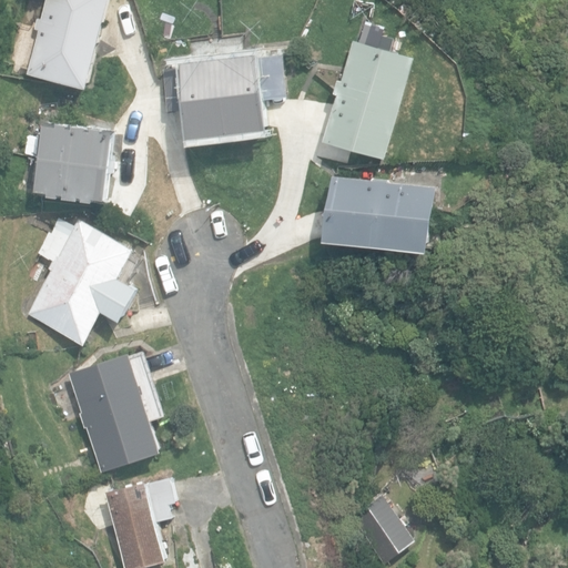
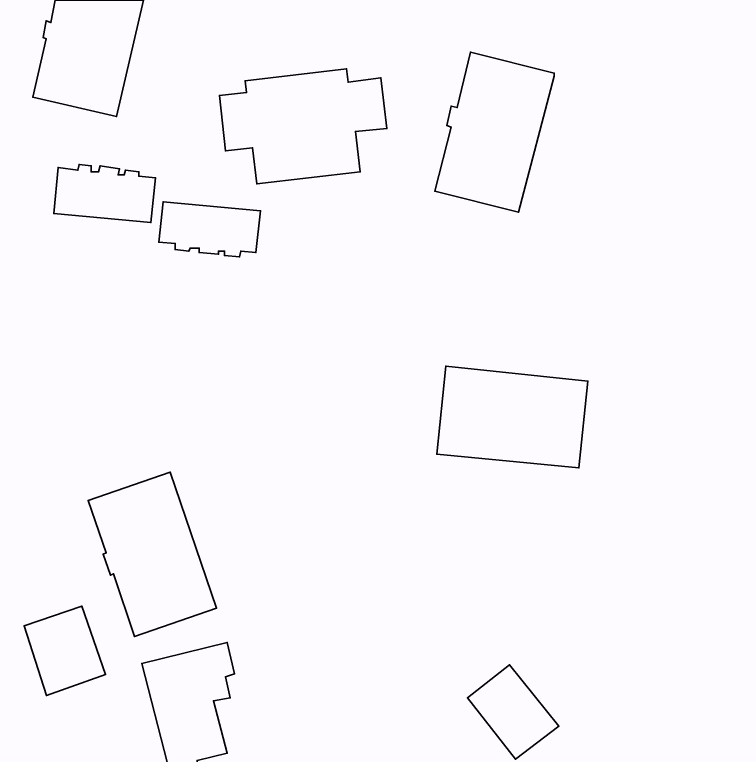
building: [37,160,112,201] -> [159,202,260,257]
building: [322,176,434,252] -> [437,366,588,468]
building: [26,220,138,344] -> none
building: none -> [24,606,105,696]

